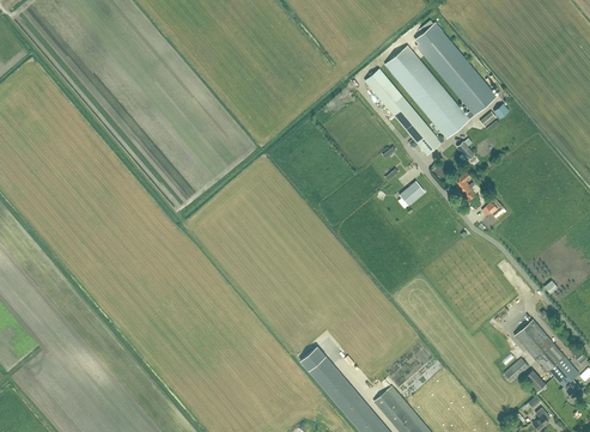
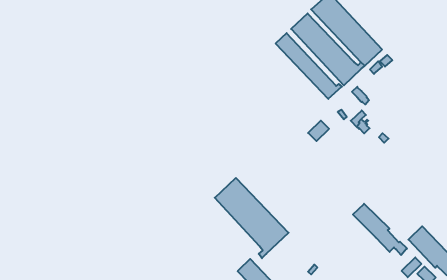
building: none -> [215,178,289,258]
building: none -> [353,204,407,255]

